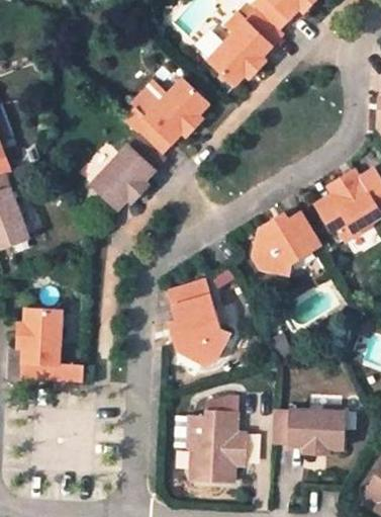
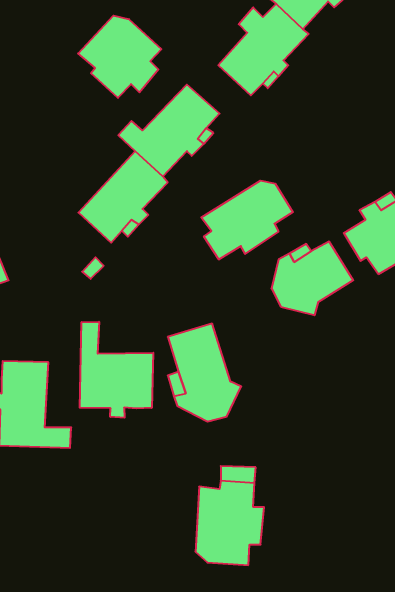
building: none -> [78,16,161,98]
building: none -> [201,181,293,260]
building: none -> [80,322,153,418]
building: [273,404,345,449] -> none

